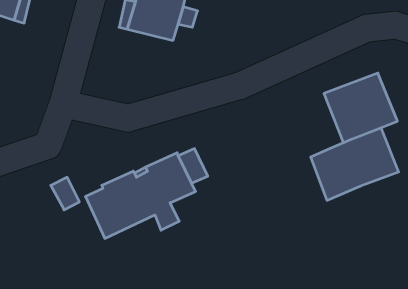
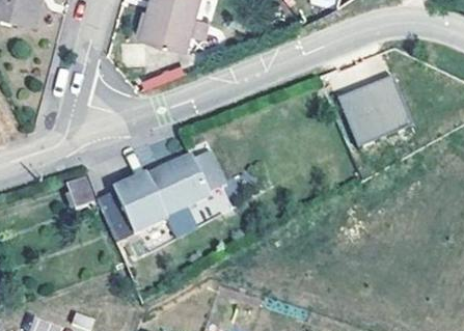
building: [311,128,399,200] -> none

